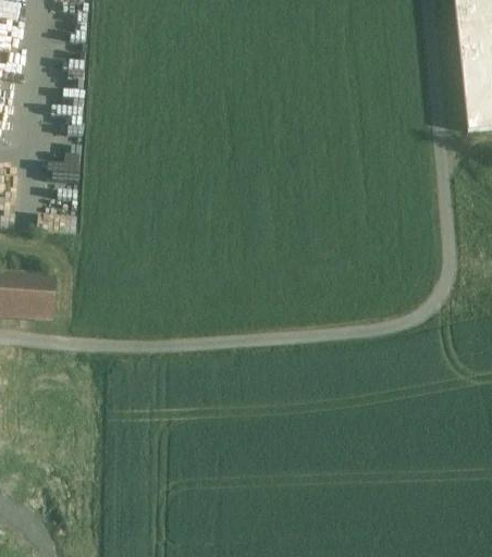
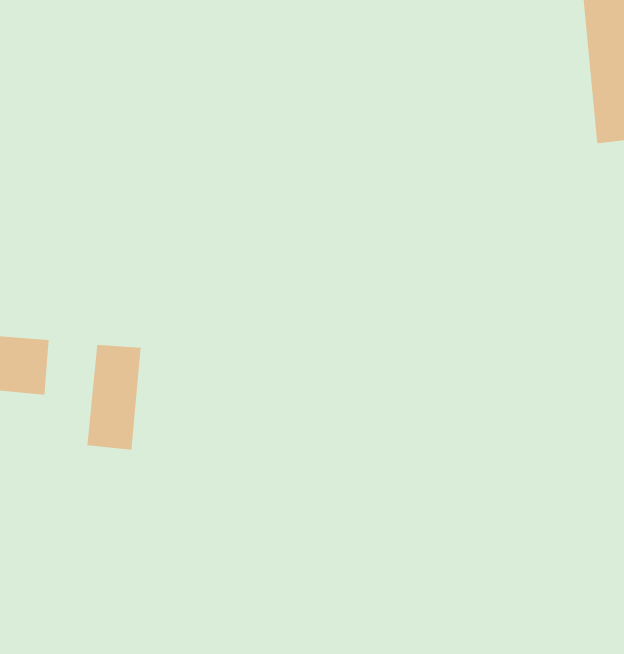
building: none -> [87,344,141,451]

